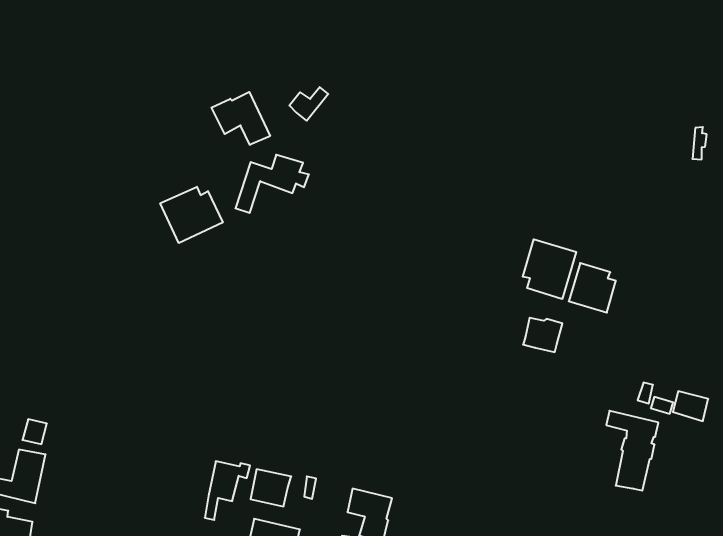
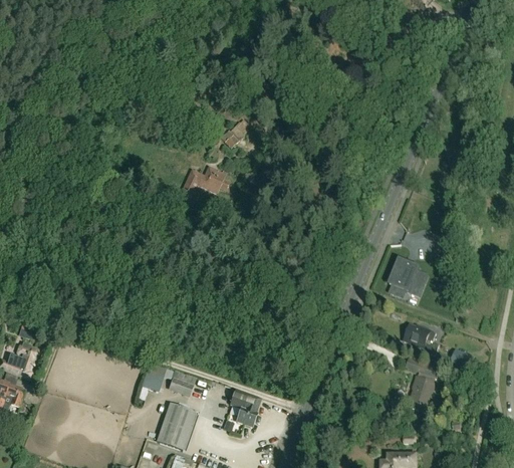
building: [211,92,270,145] -> none
building: [160,187,223,243] -> none
building: [523,239,576,299] -> none
building: [523,318,562,352] -> [403,324,430,348]

